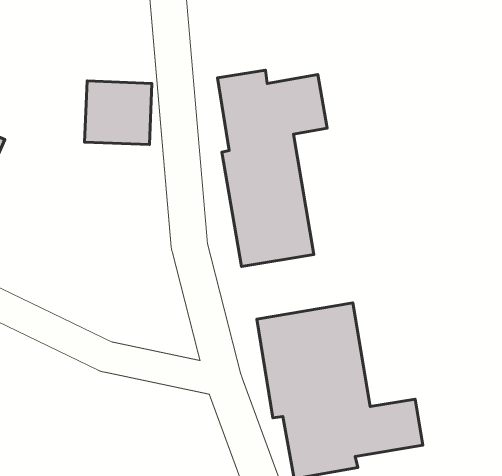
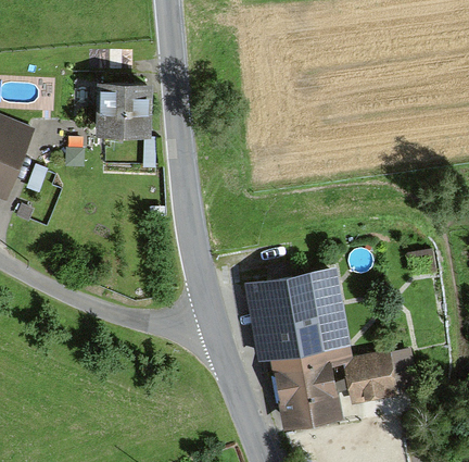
building: [217,70,327,267] -> none

